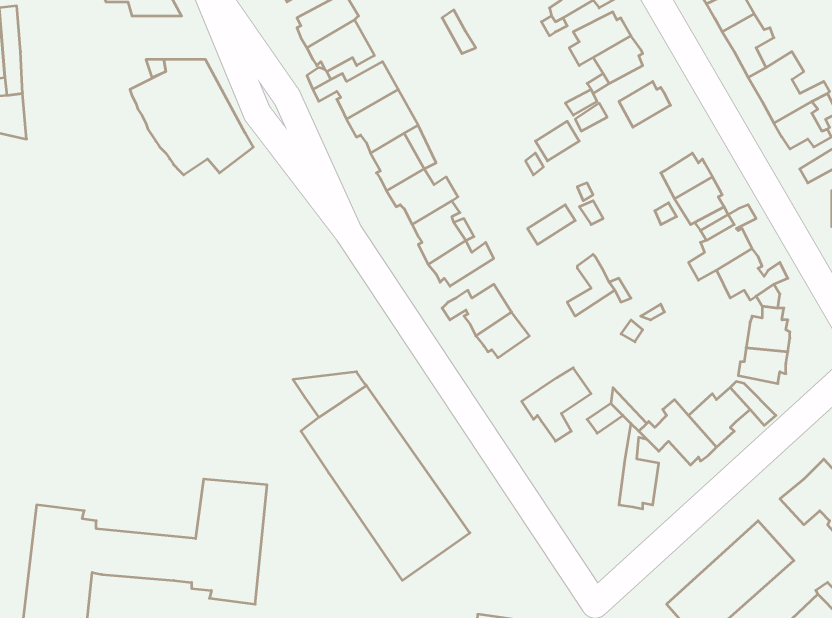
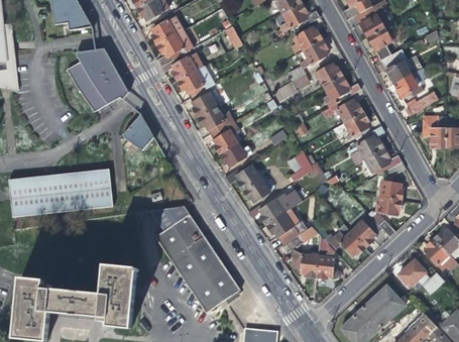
building: none -> [323,74,361,107]
building: none -> [126,115,154,147]
building: none -> [8,168,111,216]
building: none -> [248,194,284,224]
building: none -> [292,249,319,276]

